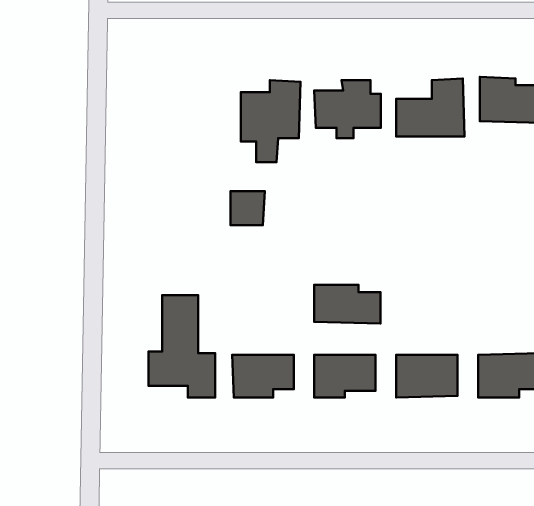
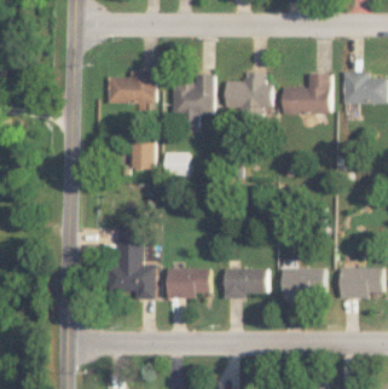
building: none -> [108,71,156,103]
building: none -> [131,134,155,169]
building: [314,285,381,323] -> none

